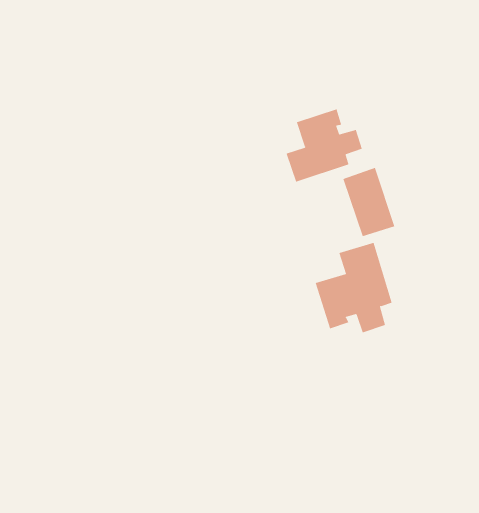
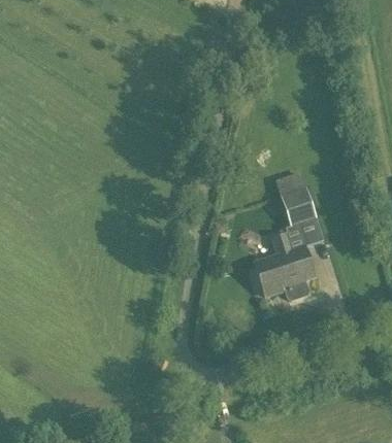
building: [286,109,362,183] -> none

